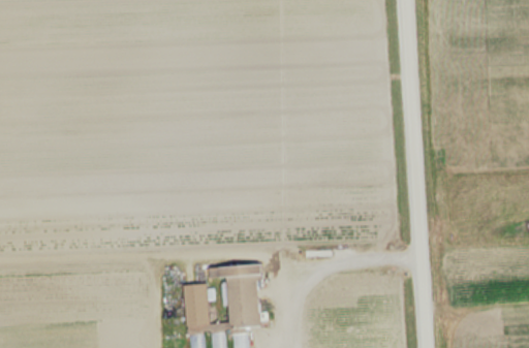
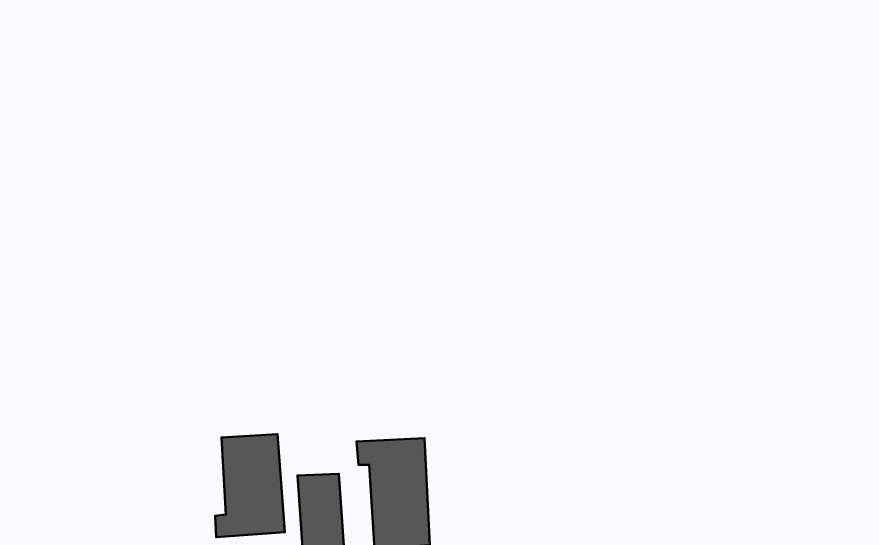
building: none -> [215,434,285,537]

